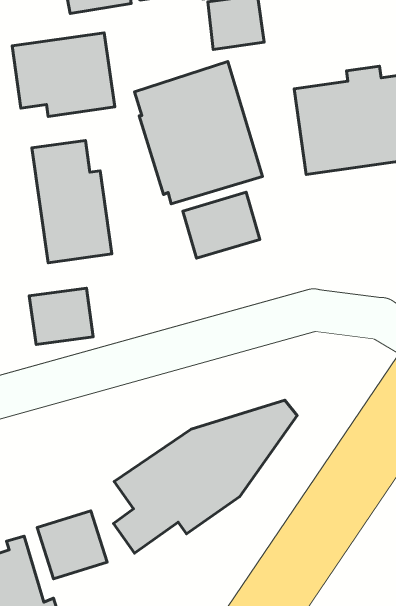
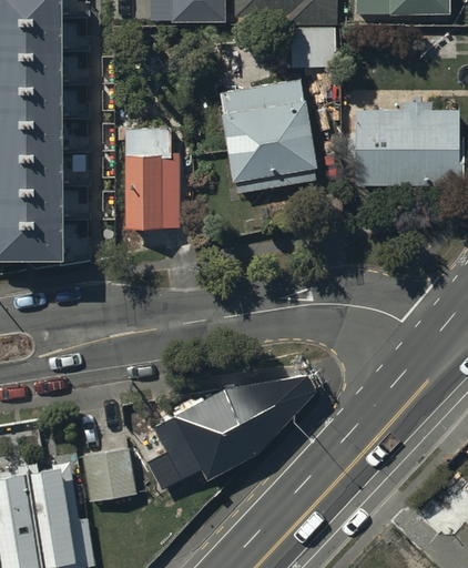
building: [12,33,115,116] -> none
building: [183,192,260,258] -> none
building: [29,288,93,344] -> none

